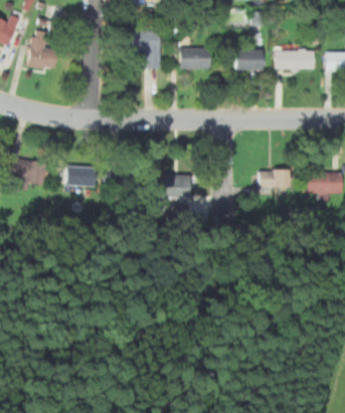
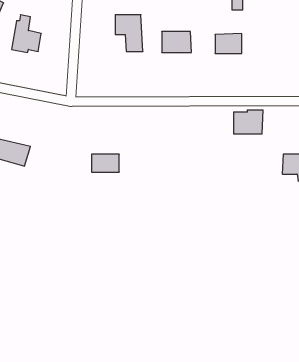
building: [275,49,314,71] -> none
building: [65,167,96,187] -> none
building: [258,170,289,194] -> [234,110,263,134]
building: [162,175,193,197] -> none

